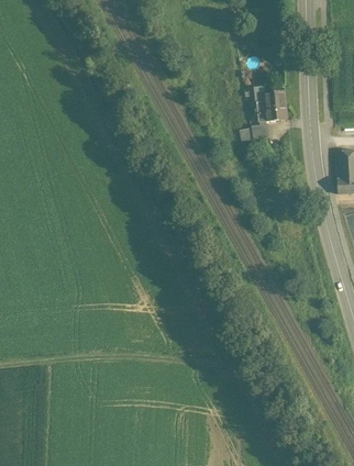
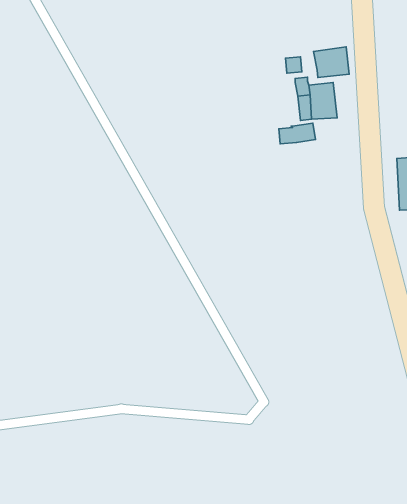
building: none -> [314,47,349,78]

